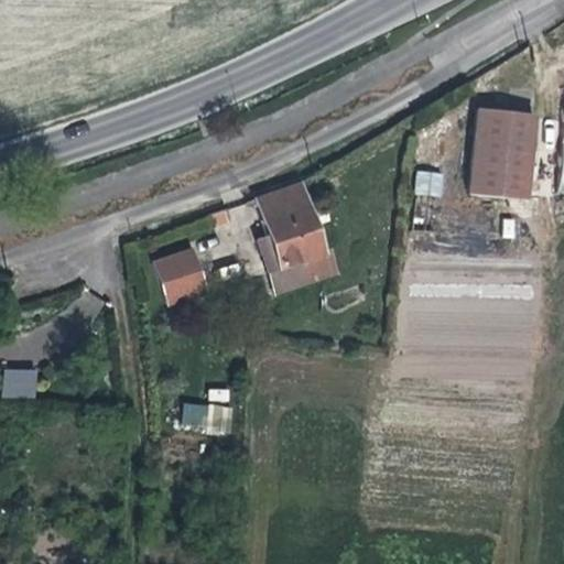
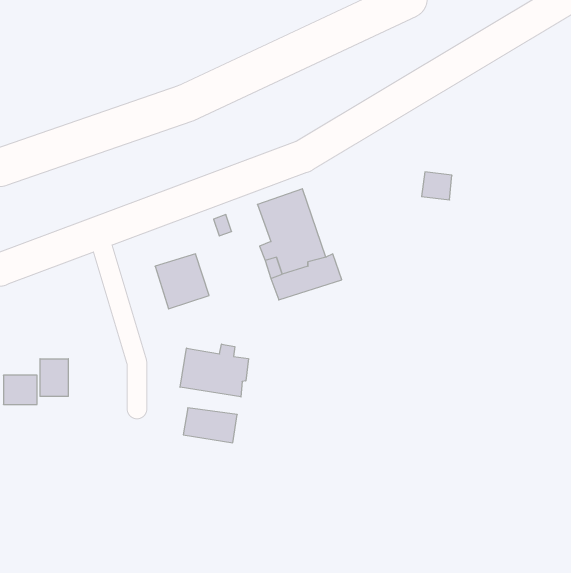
building: [468,108,533,198] -> none
building: none -> [180,344,248,397]
building: none -> [40,359,68,396]

